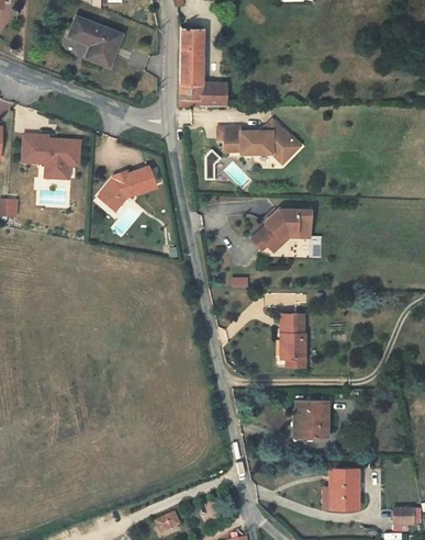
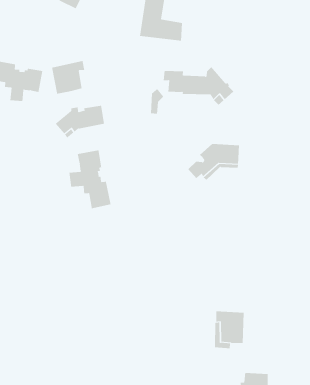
building: none -> [51,60,85,94]
building: none -> [69,149,111,209]
building: [279,312,307,367] -> none

